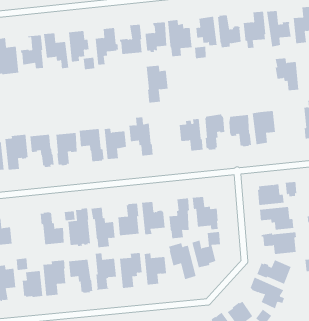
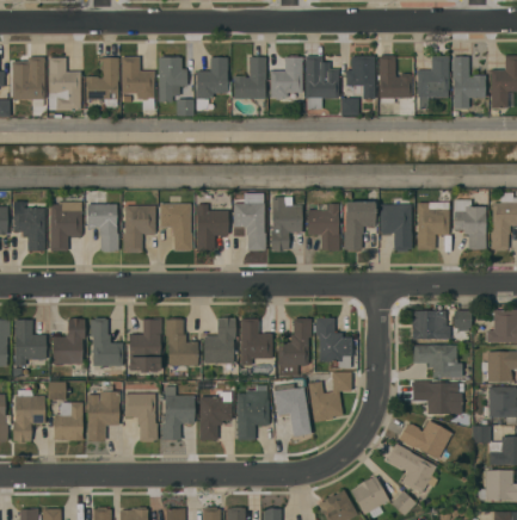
building: [275,58,299,91] -> [453,199,485,248]
building: [146,65,168,103] -> [270,196,301,249]
building: none -> [53,317,85,364]

